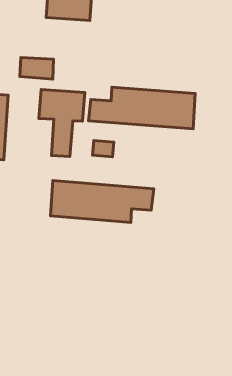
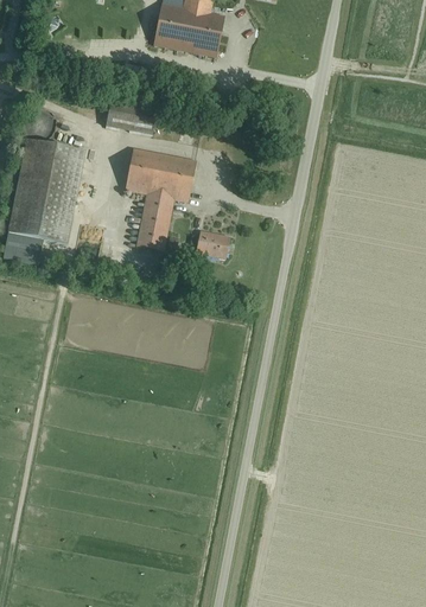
building: [89,87,195,129] -> none
building: [51,180,154,223] -> none

